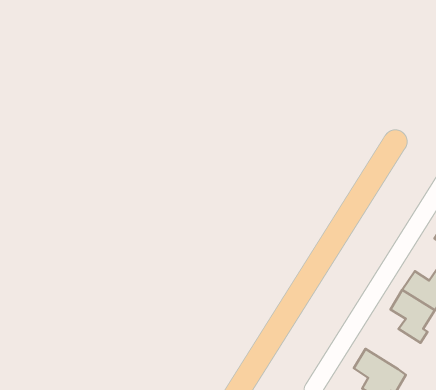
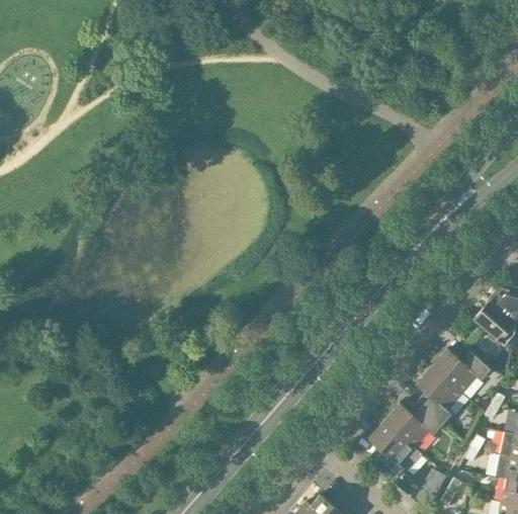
building: none -> [384,403,442,447]

